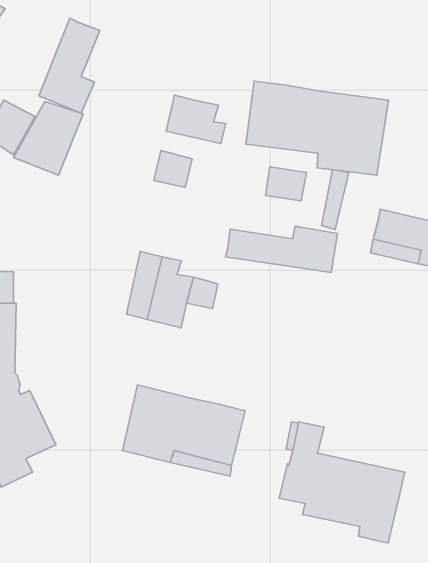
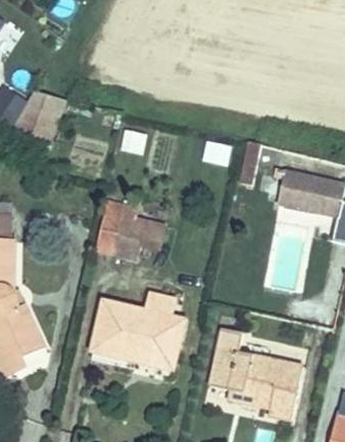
building: [39,18,100,113] -> none
building: [246,81,388,175] -> none
building: [166,95,226,143] -> none
building: [226,226,338,272] -> none

